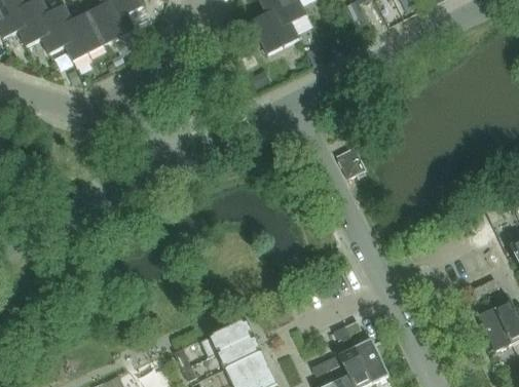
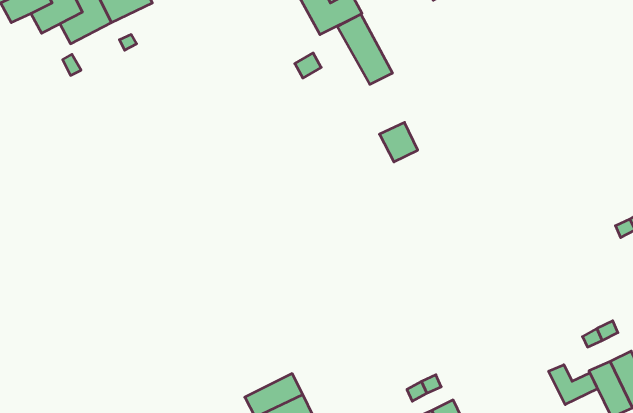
building: none -> [337,14,392,84]
building: [335,148,365,179] -> [379,122,418,162]
building: none -> [549,365,597,405]

